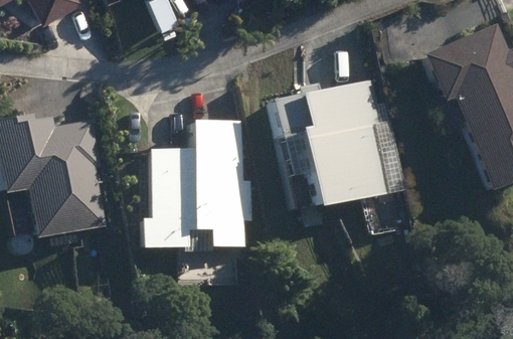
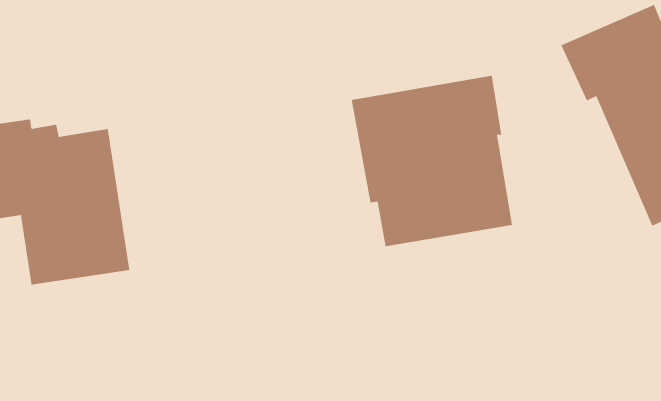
building: [142,122,246,247] -> none

